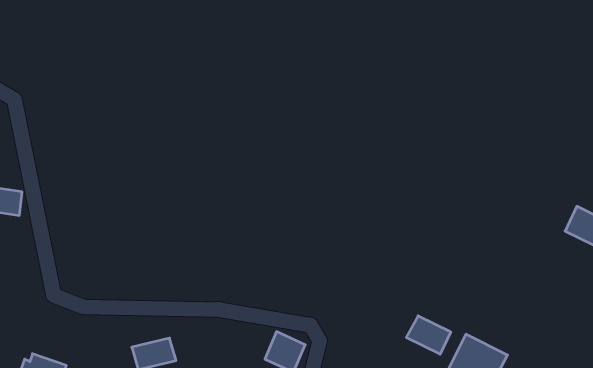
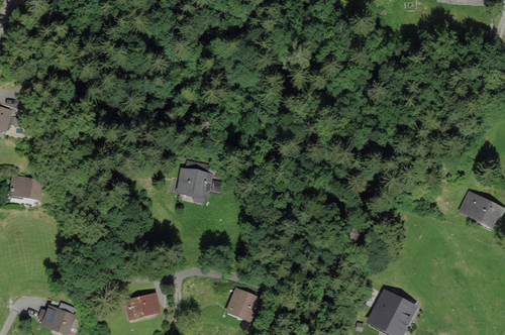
building: none -> [177,169,219,196]
building: [406,316,451,354] -> none

